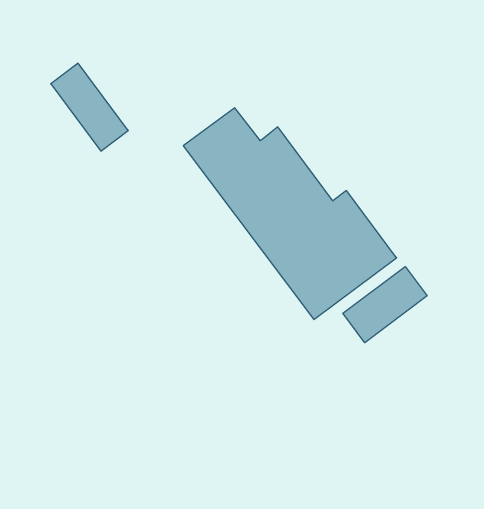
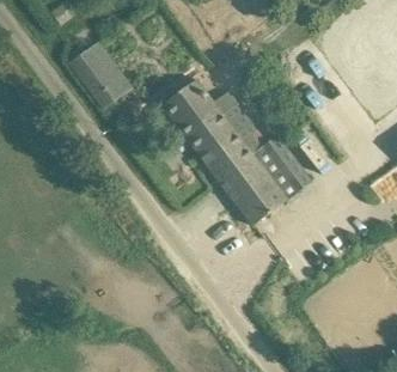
building: [343,267,427,343] -> none

